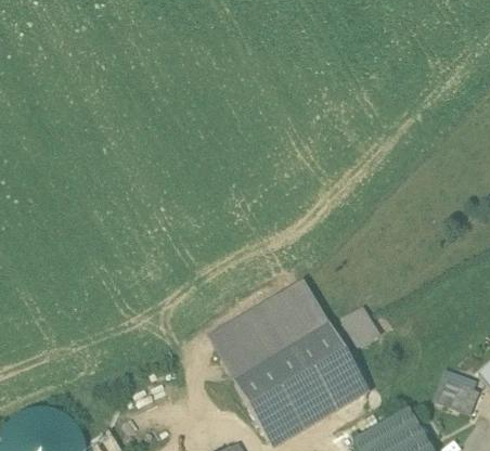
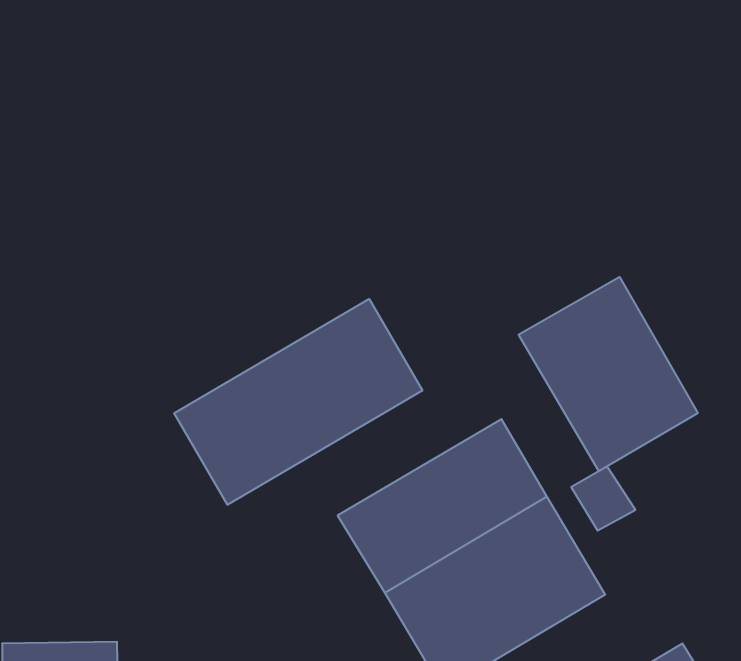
building: none -> [519,277,698,471]
building: none -> [174,299,422,505]

